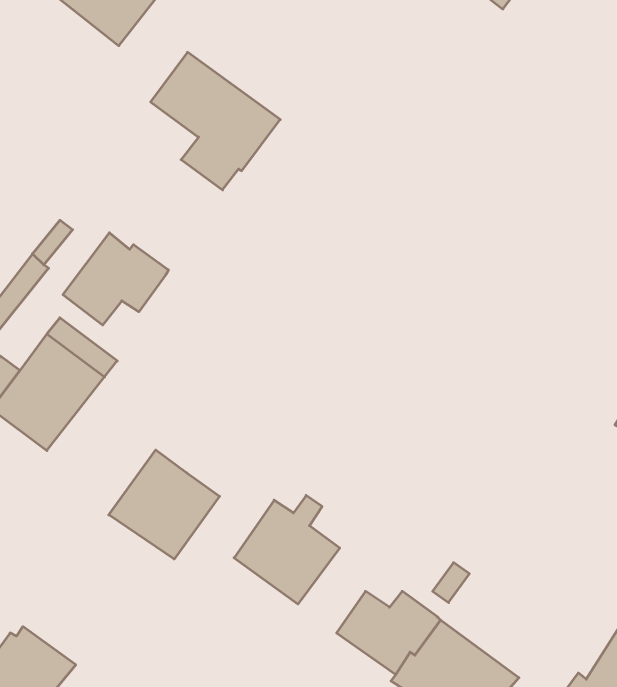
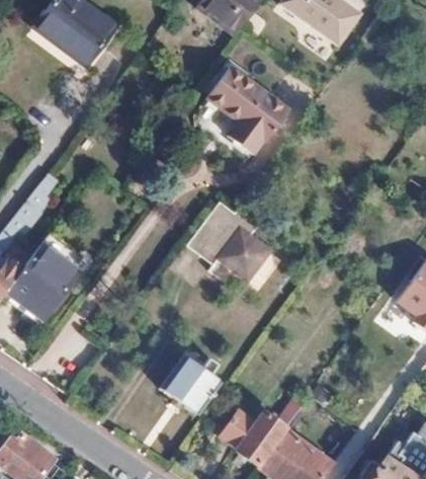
building: [151,52,280,190] -> [204,73,286,160]
building: [63,233,168,325] -> none
building: none -> [187,196,270,272]
building: [109,450,220,559] -> none

